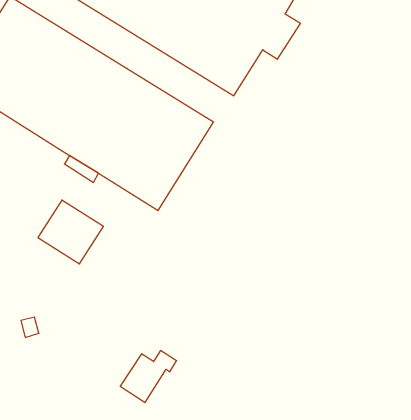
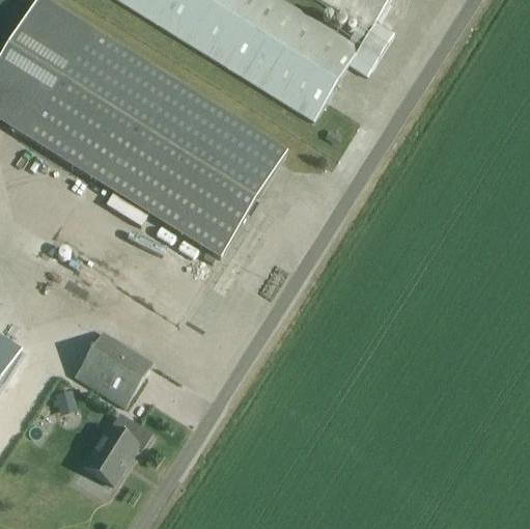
building: [38,200,103,264] -> [74,329,154,407]
building: [120,351,177,402] -> [81,419,149,482]

